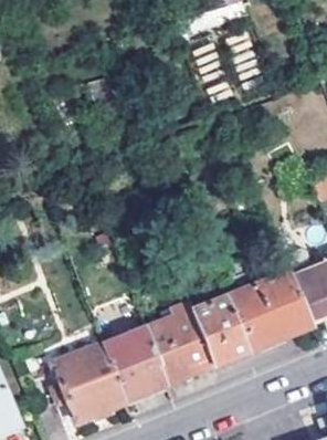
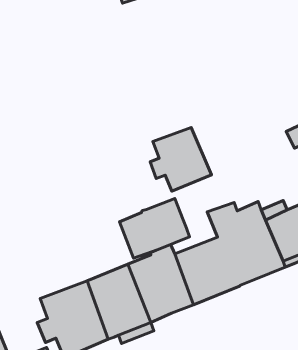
building: none -> [150,128,212,191]
building: none -> [119,199,190,258]

